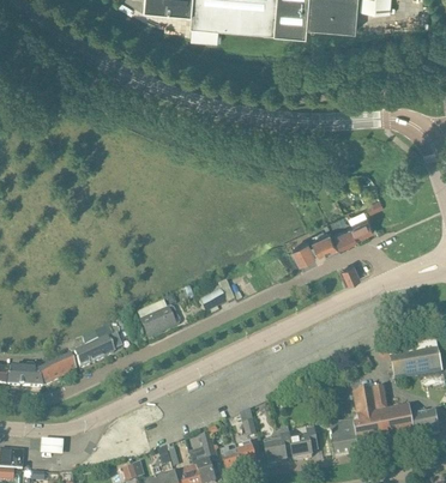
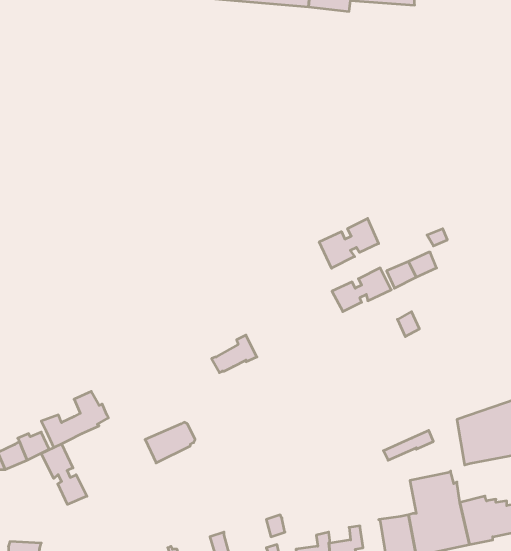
building: none -> [319,218,379,268]
building: [139,309,177,340] -> [145,422,195,463]
building: none -> [41,444,87,504]

